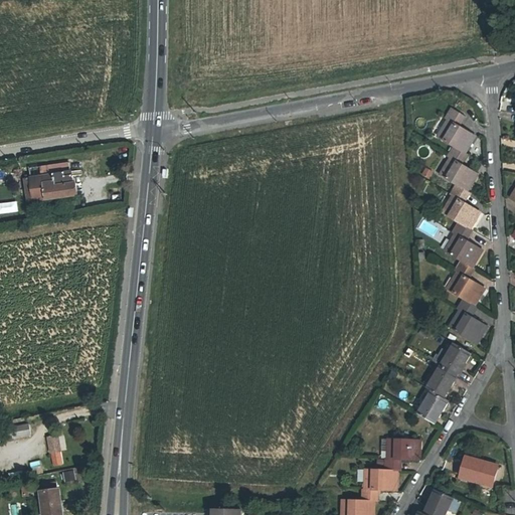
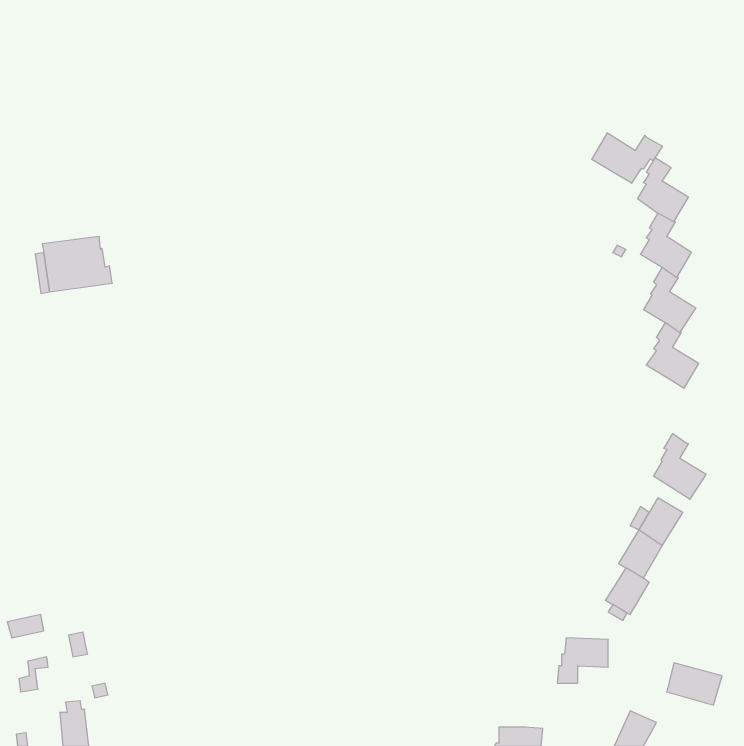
building: none -> [592,133,662,183]
building: [449,261,484,306] -> none
building: [362,470,397,502] -> none

